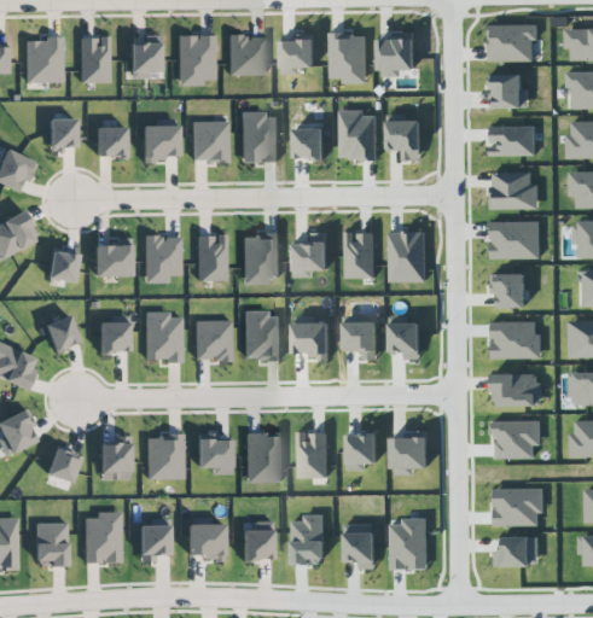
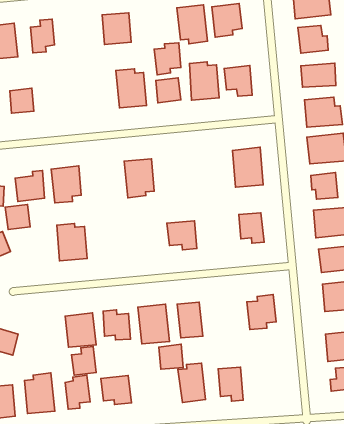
building: [280,34,314,75] -> [154,43,181,75]
building: [178,35,215,86] -> none
building: [191,121,228,161] -> none
building: [141,124,179,159] -> none
building: [345,232,374,278] -> none
building: [293,233,327,278] -> none
building: [196,234,226,280] -> none
building: [243,310,280,360] -> none
building: [344,316,378,360] -> none
building: [193,320,231,361] -> none
building: [98,321,129,352] -> [5,204,30,229]
building: [347,433,378,470] -> none
building: [99,436,130,472] -> [72,347,96,375]
building: [390,518,429,569] -> none
building: [242,529,272,560] -> [159,344,183,369]

